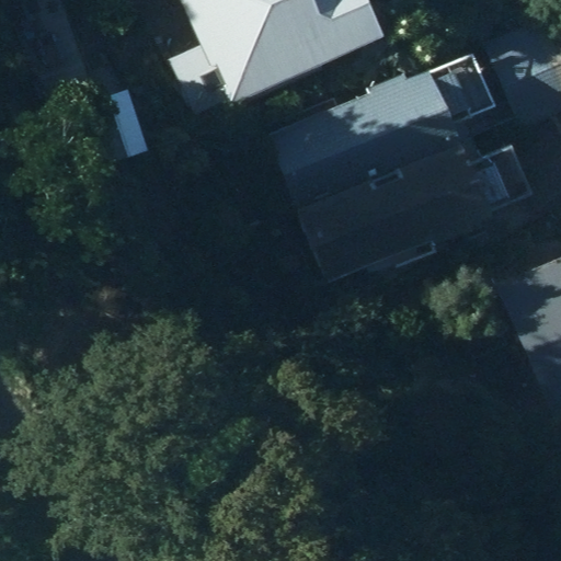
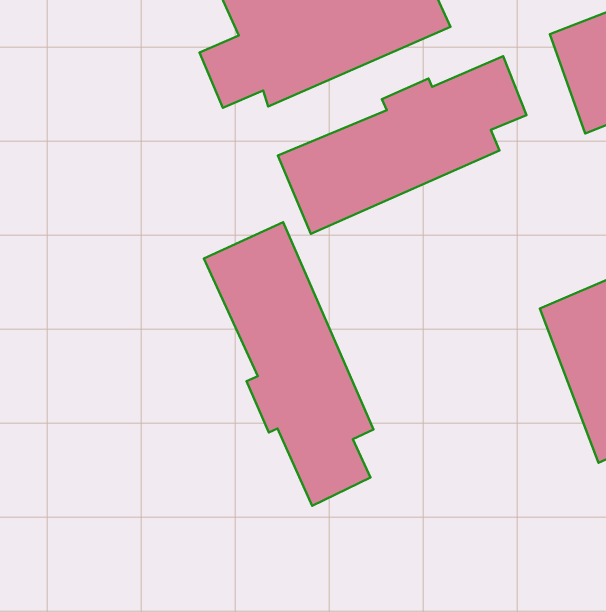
building: [296,135,531,287] -> none
building: none -> [204,222,374,506]

